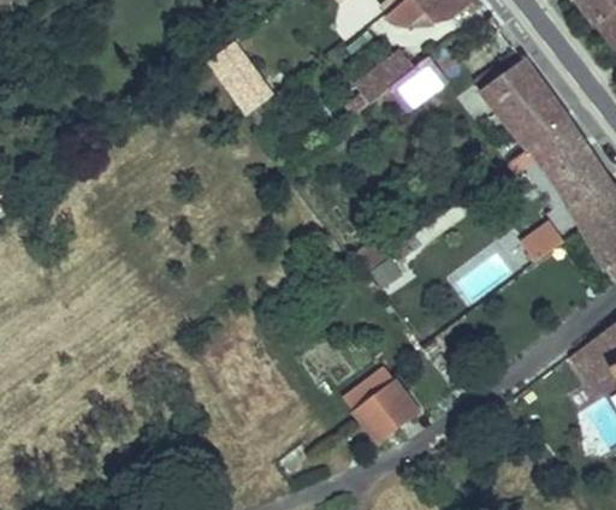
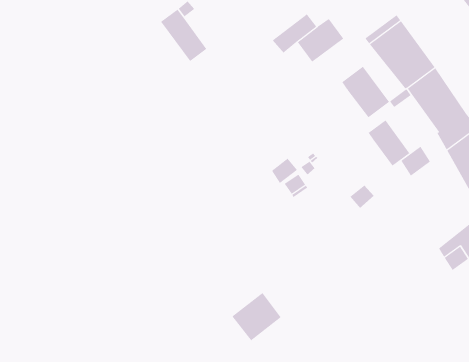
building: none -> [341,66,390,118]
building: none -> [368,120,410,166]
building: [354,379,419,443] -> [231,292,281,341]

